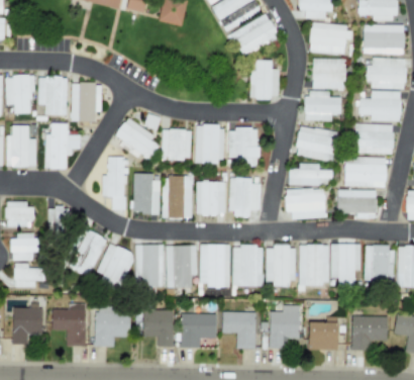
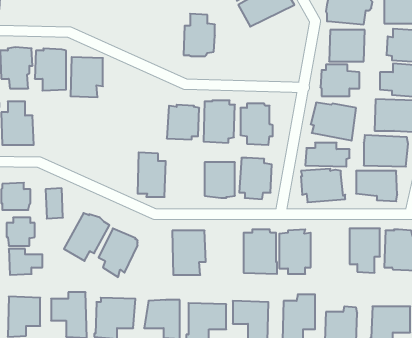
building: [249,60,279,99] -> [184,14,215,56]
building: [115,118,159,157] -> none
building: [44,123,80,168] -> none
building: [102,157,128,209] -> none
building: [162,176,191,217] -> none
building: [135,245,163,286] -> none
building: [199,245,229,287] -> none
building: [299,245,328,285] -> none

